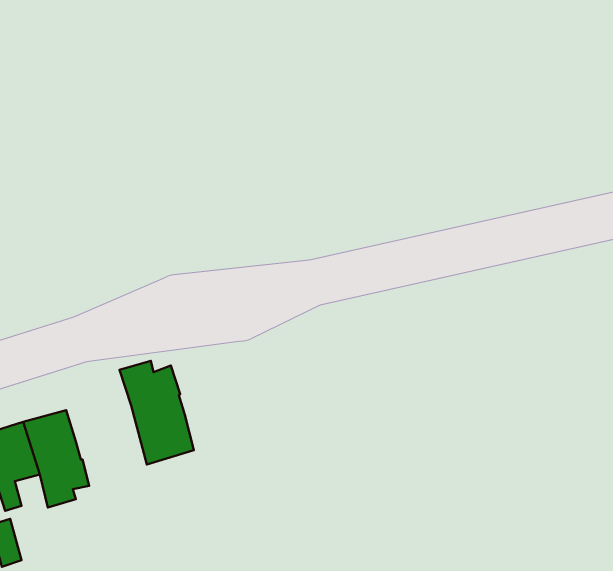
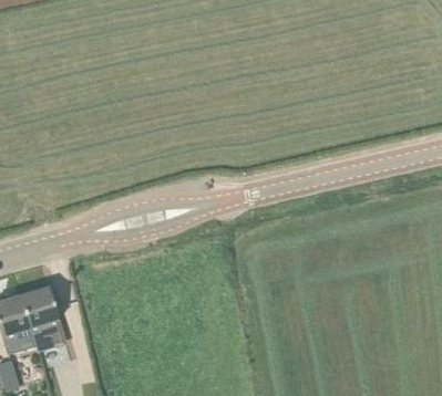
building: [120,361,194,465] -> none

